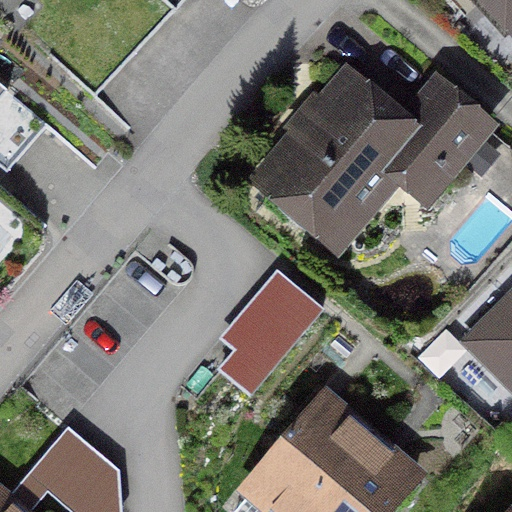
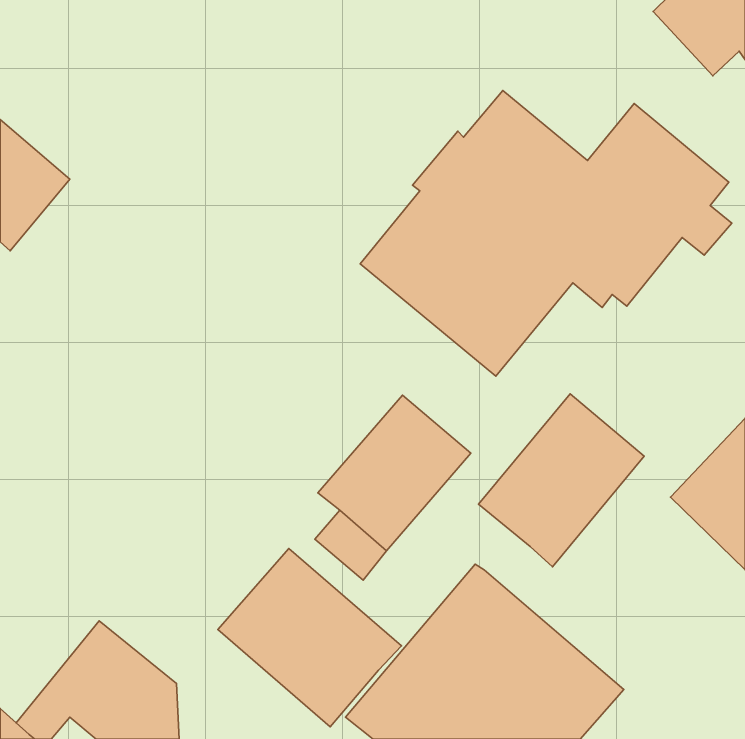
building: none -> [478,394,644,567]
building: none -> [218,548,401,727]

